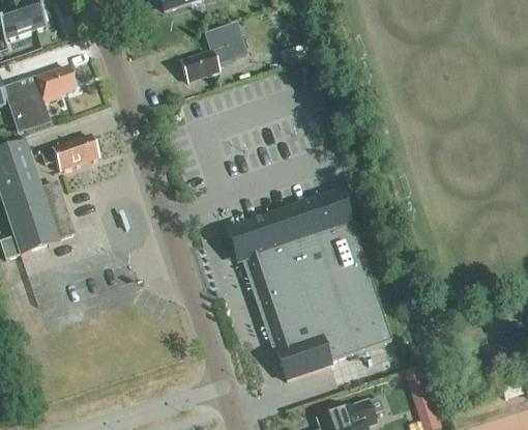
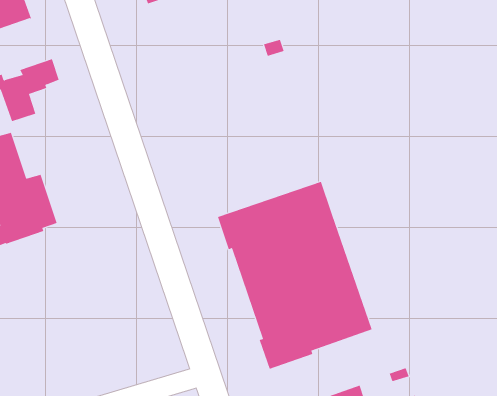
building: [181,23,245,80] -> none
building: [40,134,98,170] -> none

